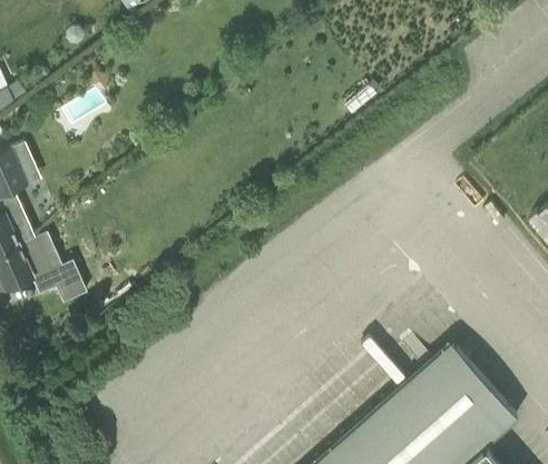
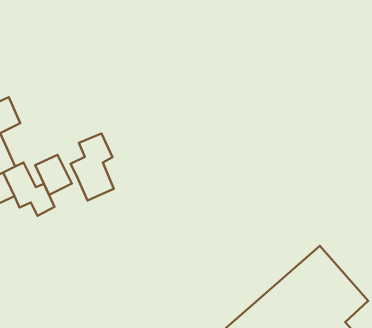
building: none -> [70,133,114,201]
building: none -> [35,155,72,195]

